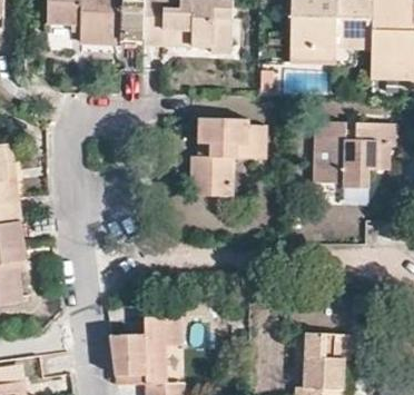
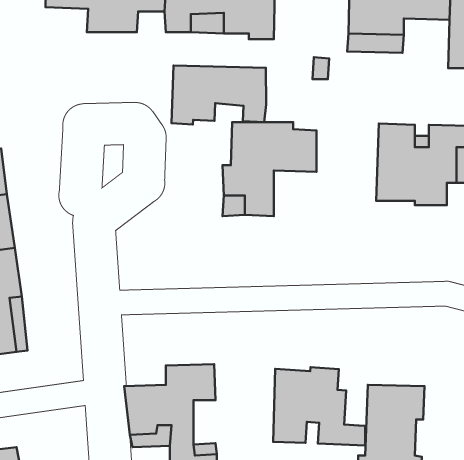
building: none -> [172,65,266,124]
building: none -> [273,367,365,445]

